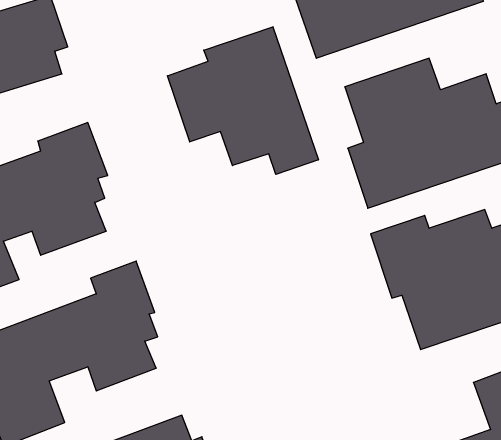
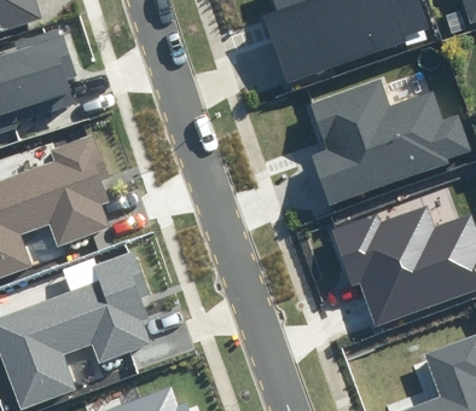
building: [167,27,318,174] -> none

